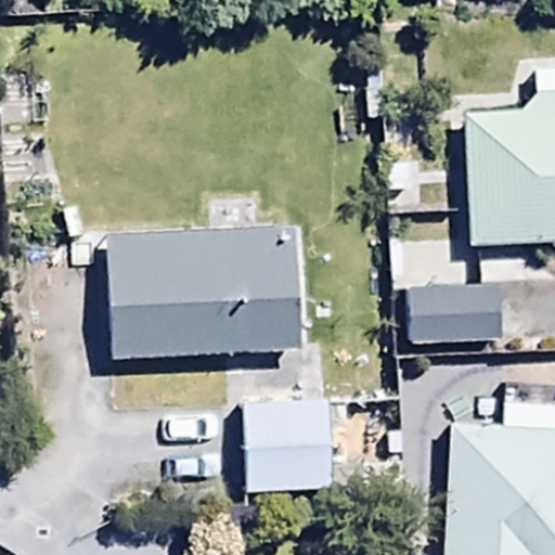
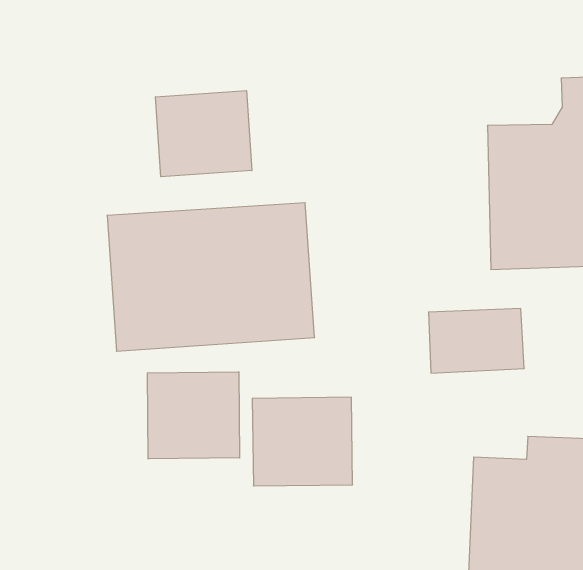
building: none -> [156,91,252,177]
building: none -> [147,372,240,459]

